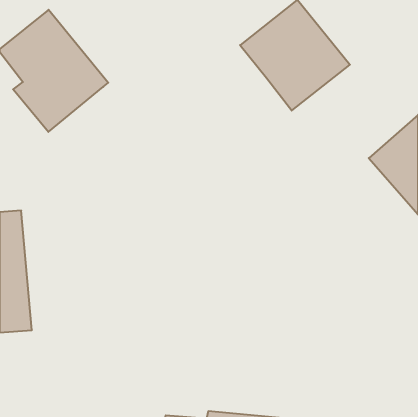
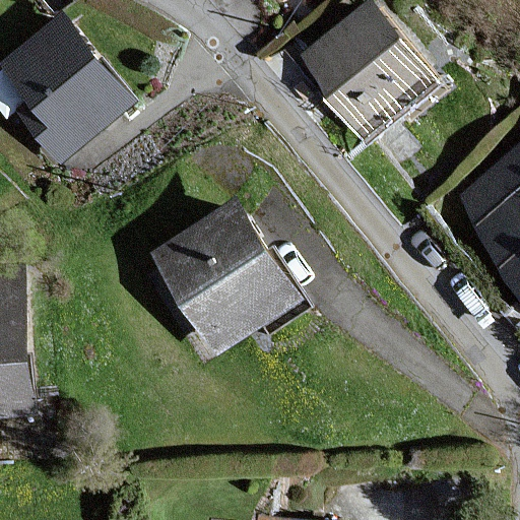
building: none -> [149,199,302,358]

